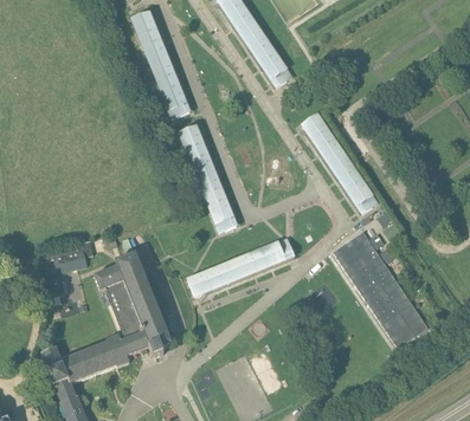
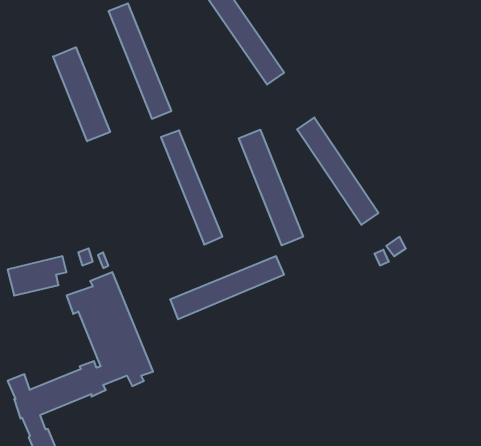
building: none -> [53,47,110,141]
building: none -> [239,130,303,245]
building: [331,233,427,350] -> none

